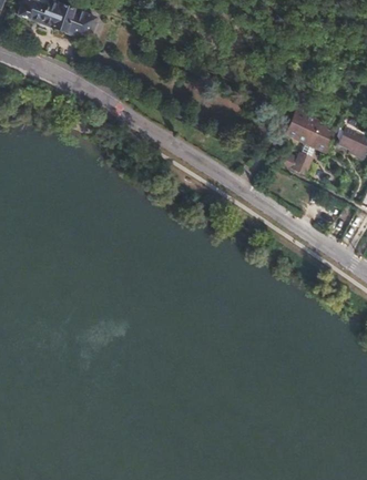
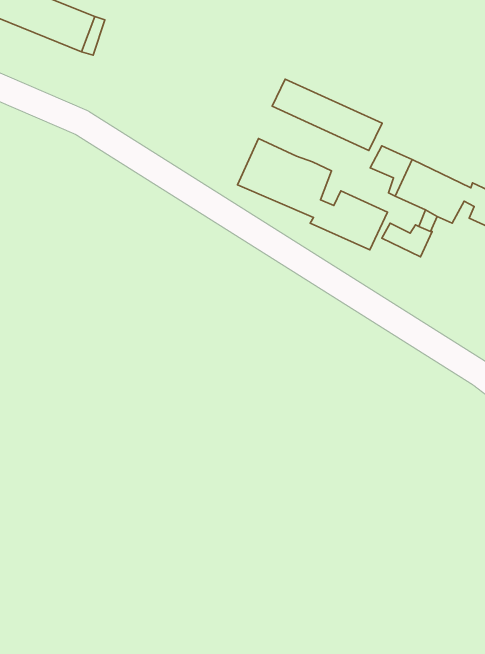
building: none -> [272,79,382,150]
building: none -> [237,139,387,250]

